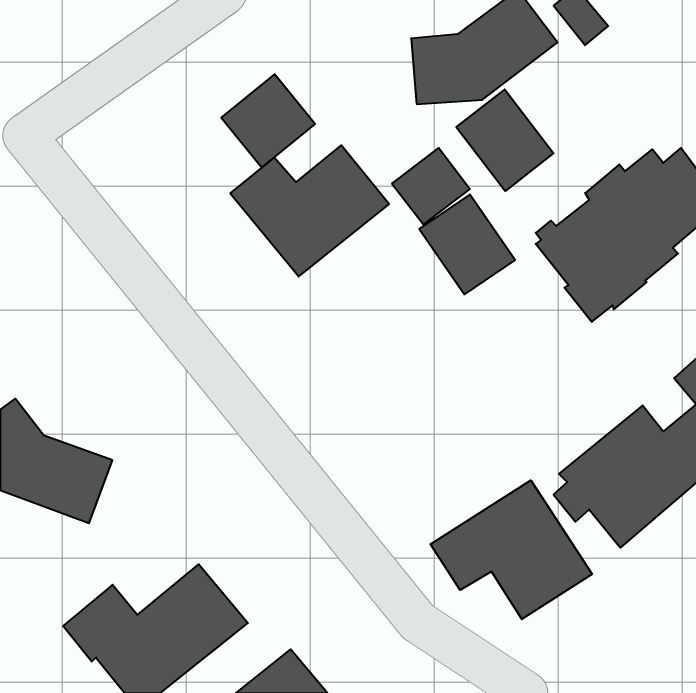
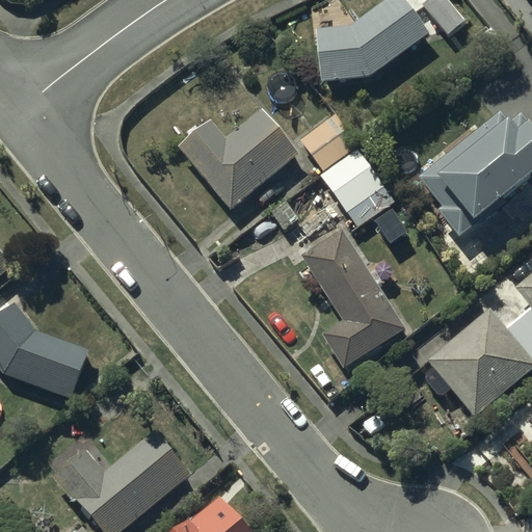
building: [221,74,315,168] -> none
building: [456,89,554,191] -> none
building: none -> [301,230,404,367]
building: [431,480,592,619] -> none

